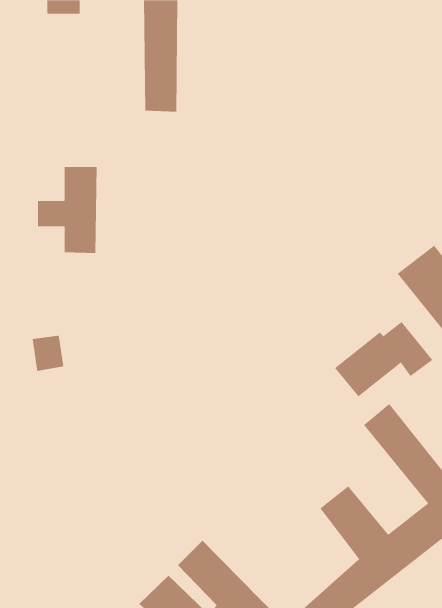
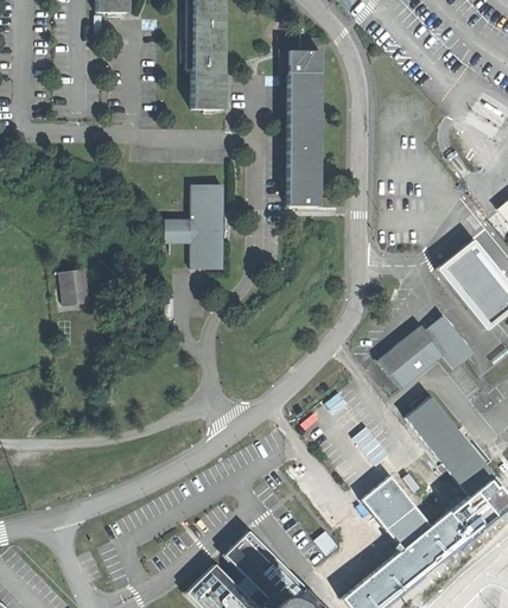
building: none -> [286,50,322,205]
building: [37,167,98,254] -> [165,184,224,270]
building: [32,335,64,371] -> [59,270,91,305]

